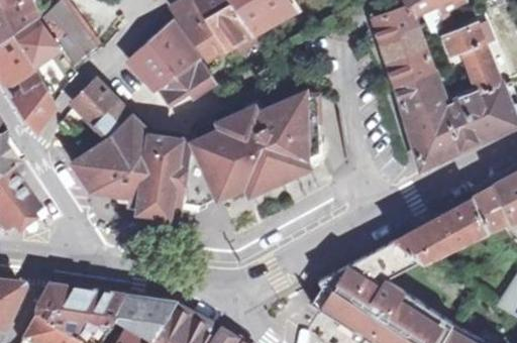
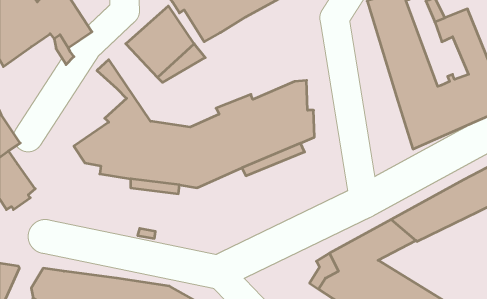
building: [10,66,54,130] -> none
building: [74,79,129,135] -> none

